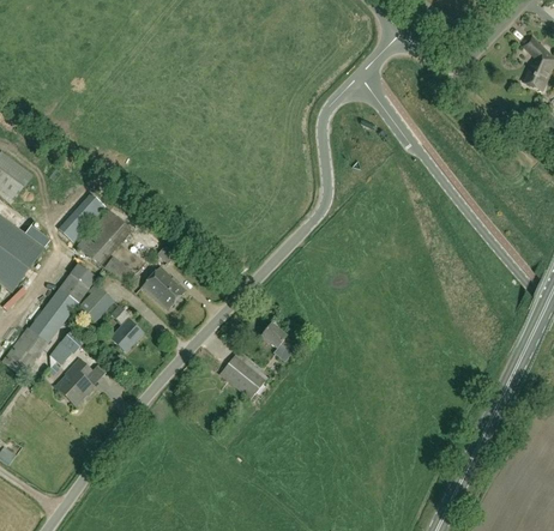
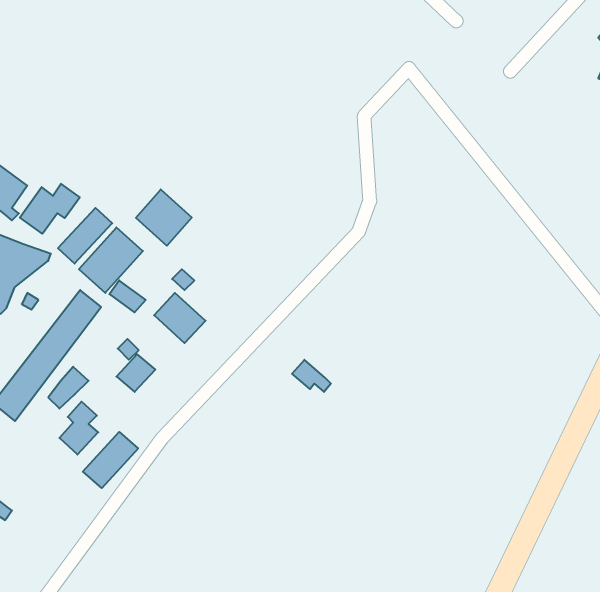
building: none -> [20,184,80,234]
building: none -> [136,189,192,246]
building: [78,286,114,321] -> none
building: [218,352,267,399] -> none
building: none -> [83,432,138,488]

